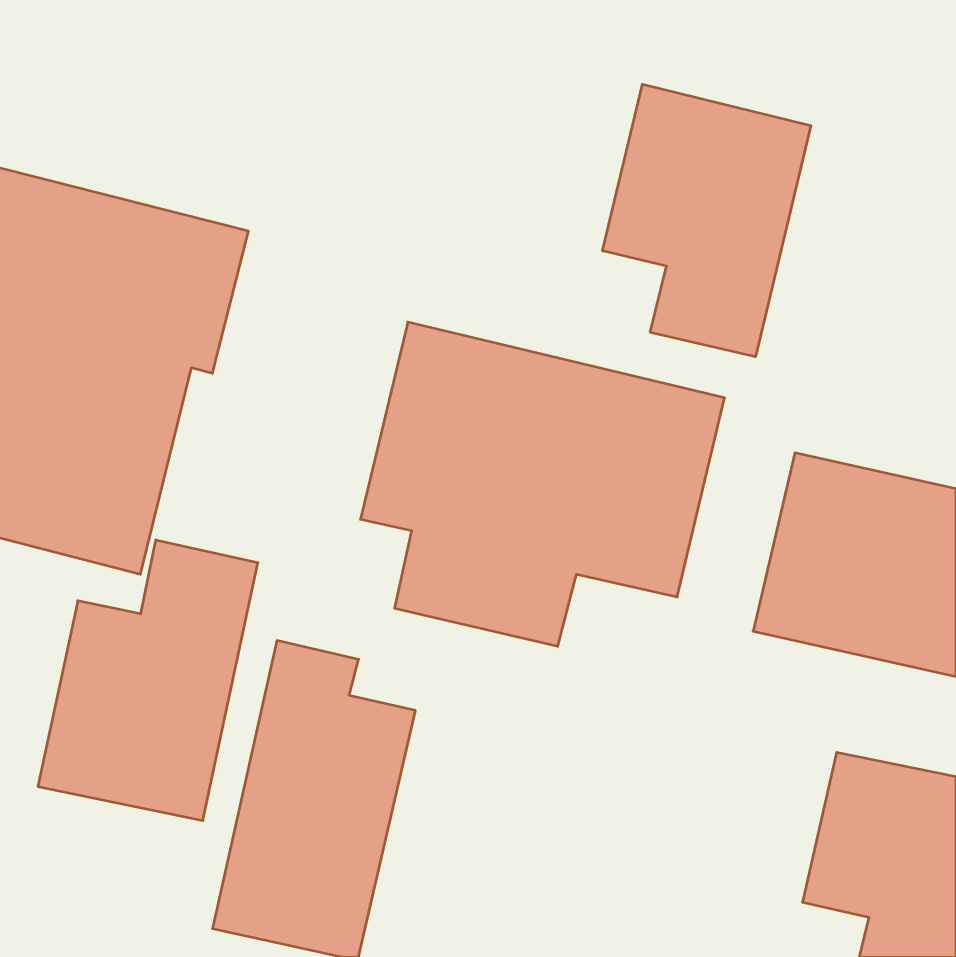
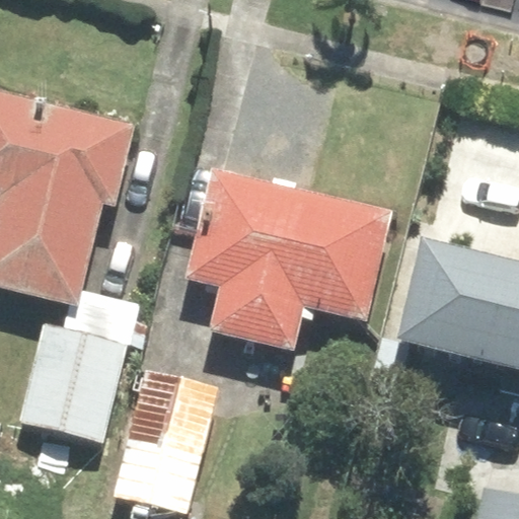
building: [603,84,811,357] -> none

